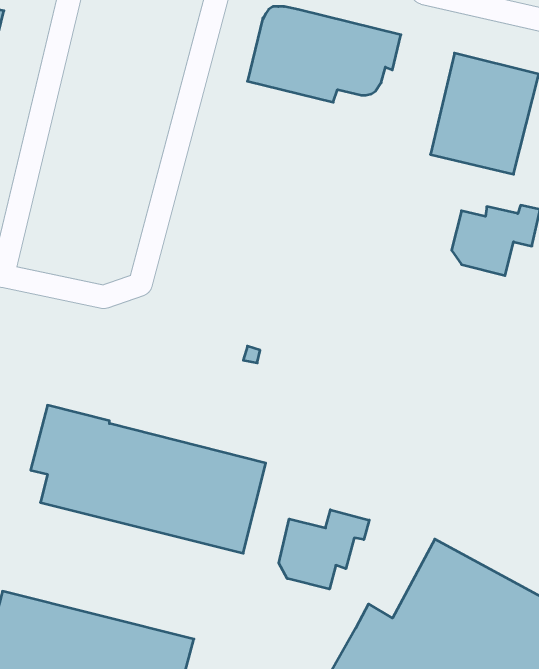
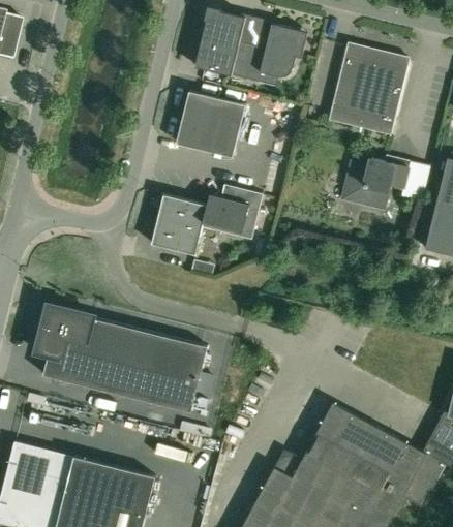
building: none -> [176,92,245,159]
building: none -> [151,185,263,255]
building: [279,510,369,589] -> none

